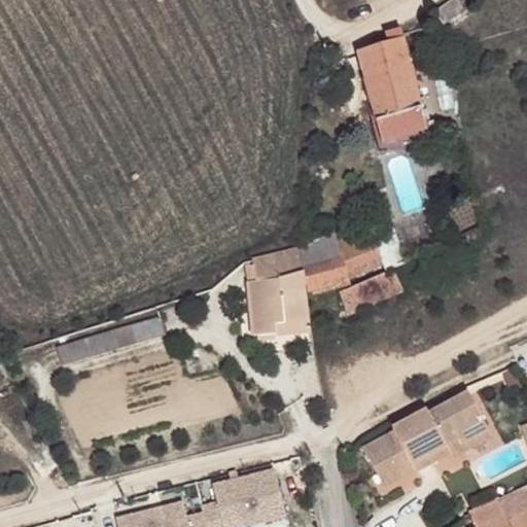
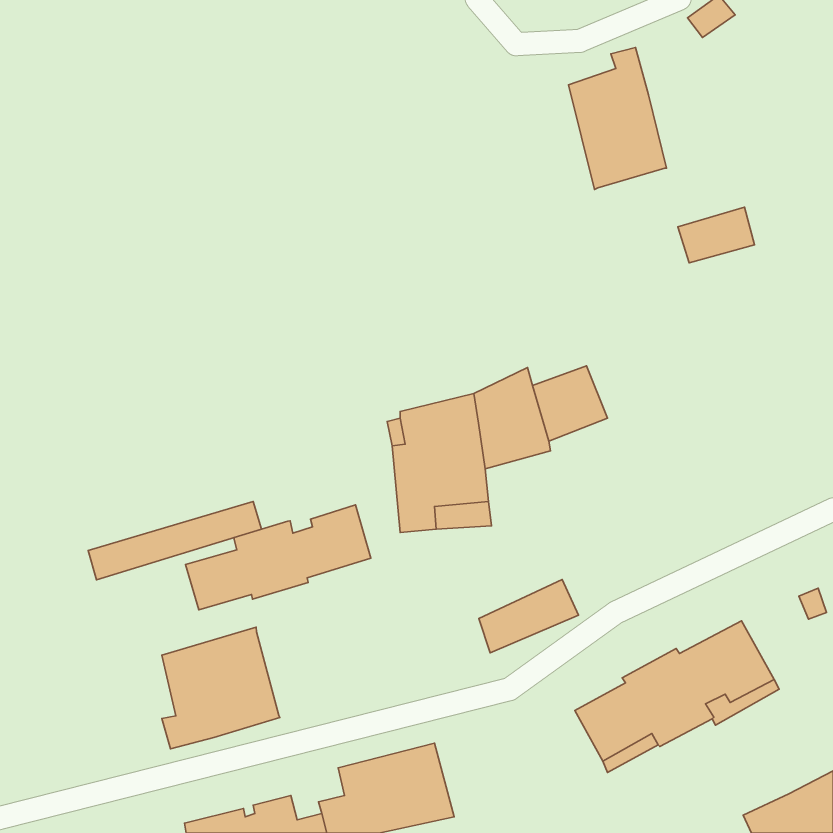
building: [377,106,425,141] -> [678,207,754,263]
building: [339,268,401,314] -> [479,579,579,653]
building: none -> [186,505,371,610]
building: none -> [162,627,280,749]

